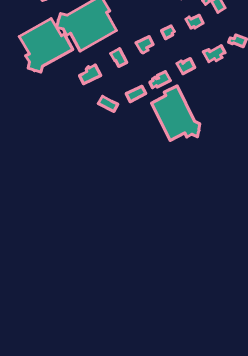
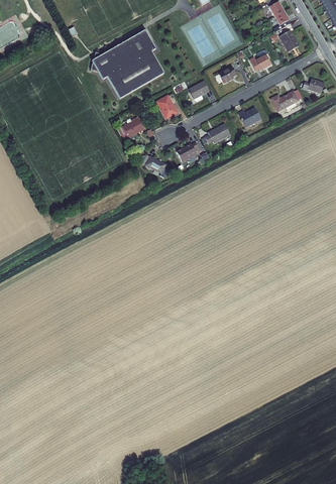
building: [19,18,73,72] -> none
building: [151,86,200,141] -> none

